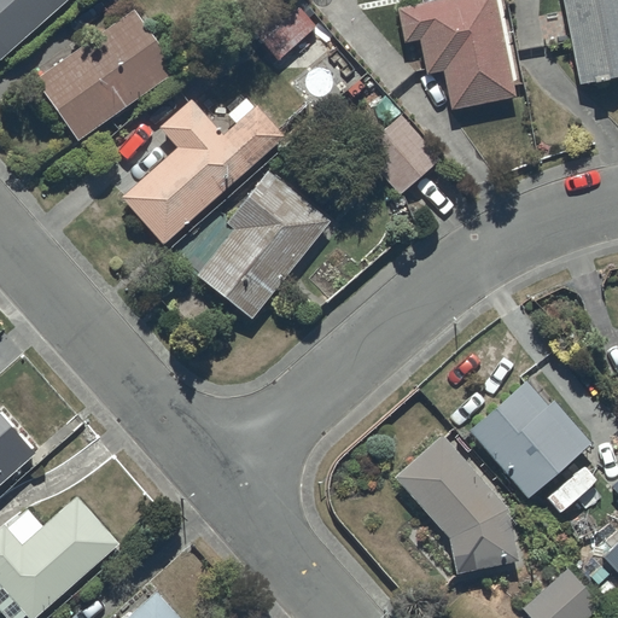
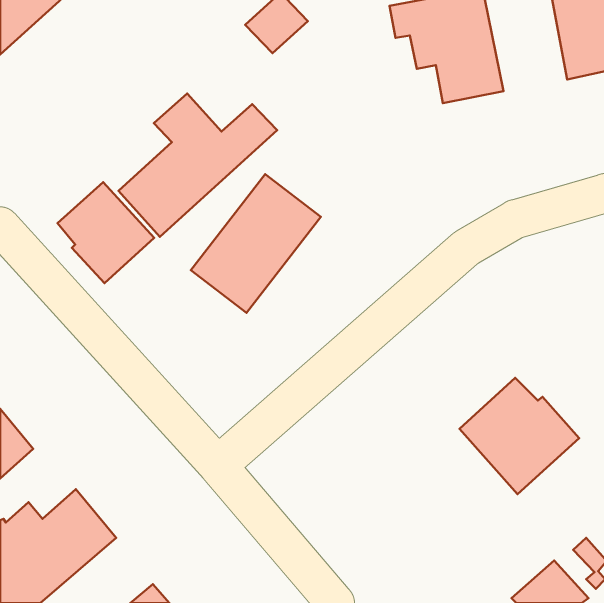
building: [35,7,176,138] -> none
building: [361,111,439,191] -> none
building: none -> [57,182,154,283]
building: [395,438,521,578] -> none

